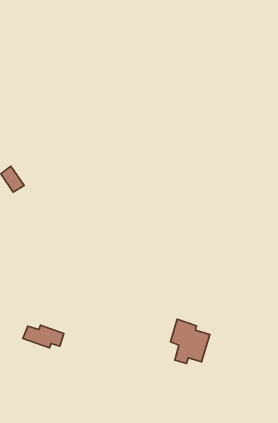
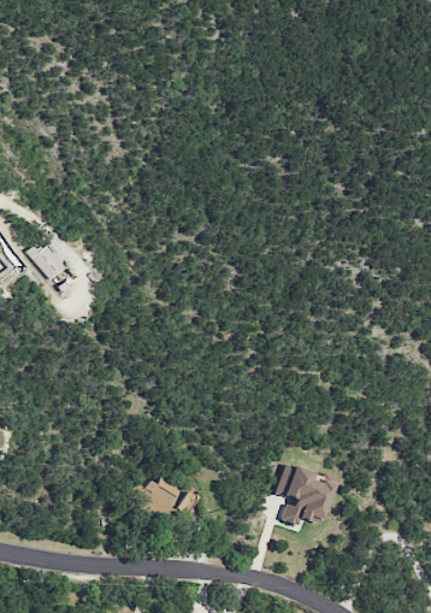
building: [23,325,64,348] -> [130,481,189,513]

